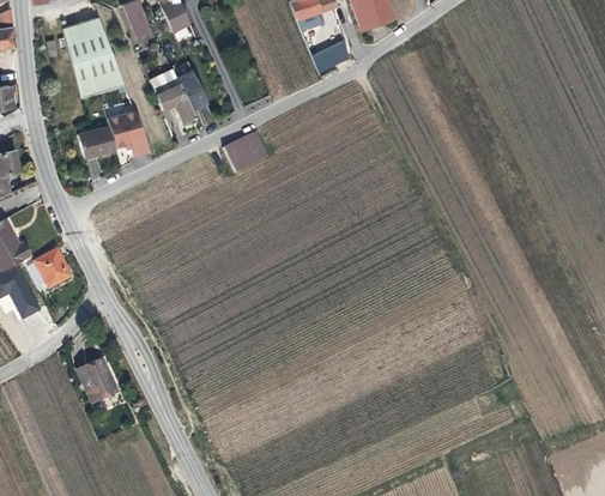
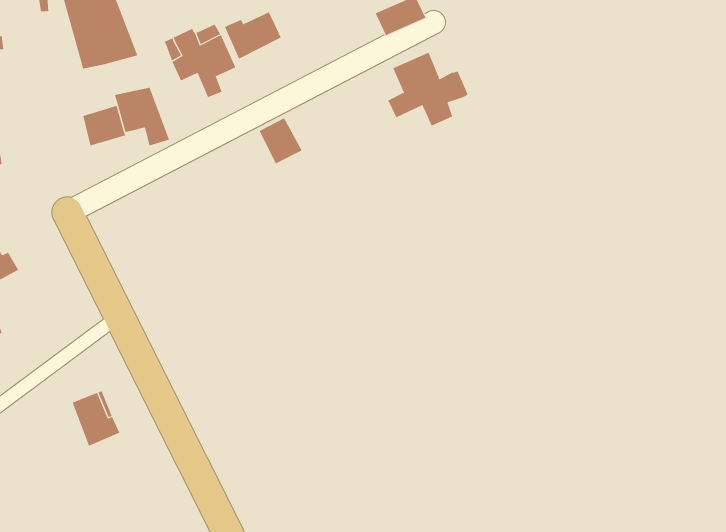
building: none -> [224,11,282,59]
building: none -> [387,52,469,126]
building: [32,249,71,289] -> none

